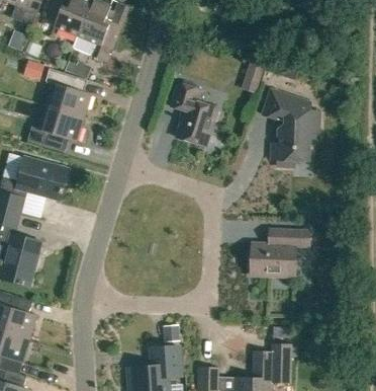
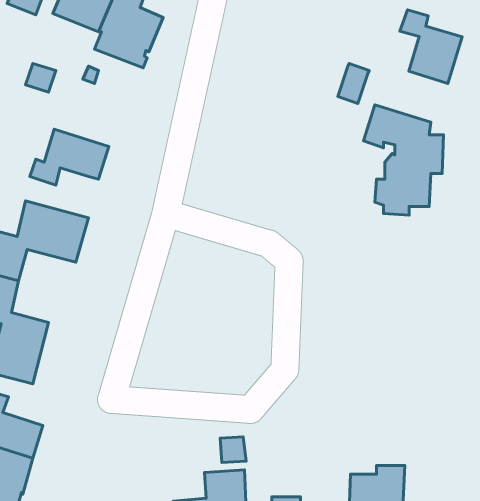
building: none -> [400,10,462,83]
building: [44,69,91,119] -> none
building: [170,83,218,146] -> none
building: [251,230,309,277] -> none

